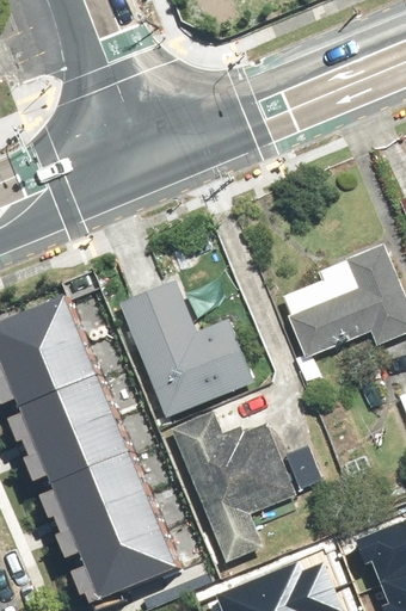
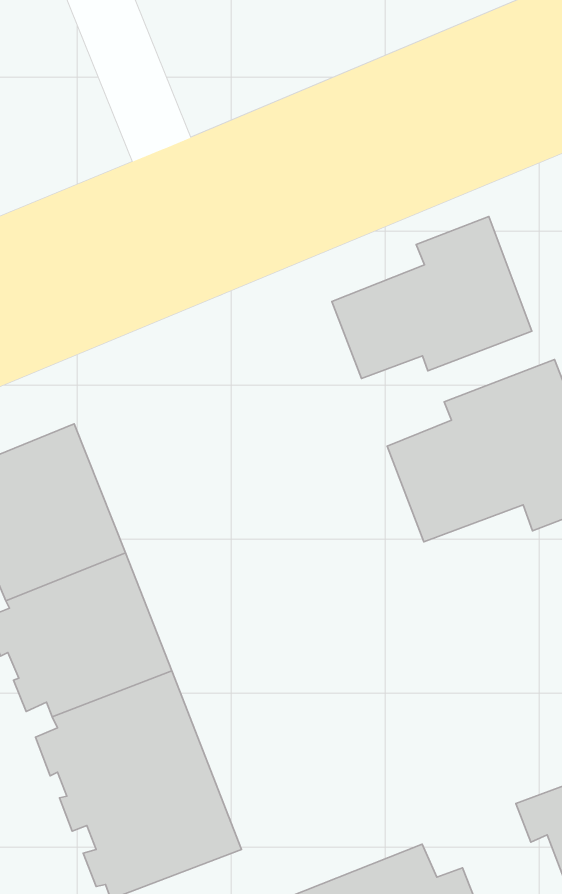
building: none -> [332,216,532,379]
building: [112,283,251,427] -> none
building: [170,420,297,569] -> none

